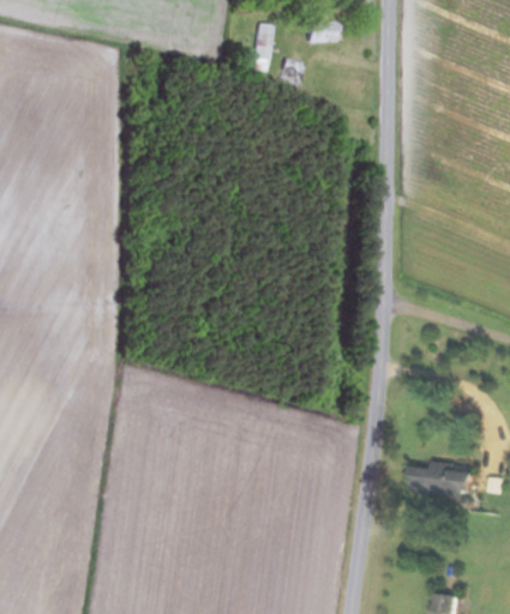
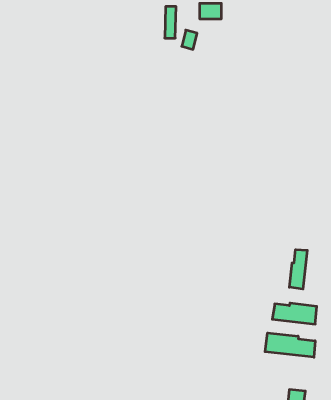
building: none -> [289,250,307,289]
building: none -> [265,333,315,357]

